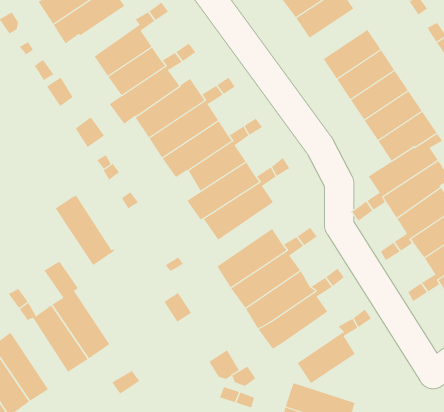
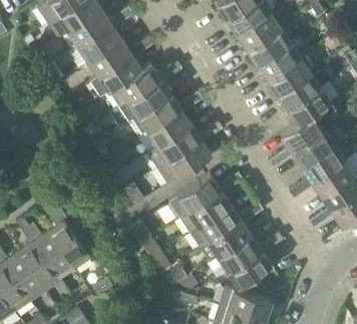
building: none -> [69,11,112,48]
building: none -> [238,13,281,50]
building: [55,195,115,266] -> [18,241,62,293]
building: none -> [219,236,263,274]

